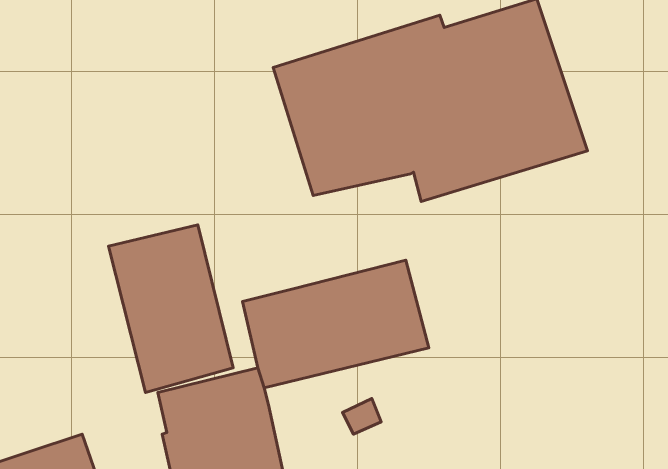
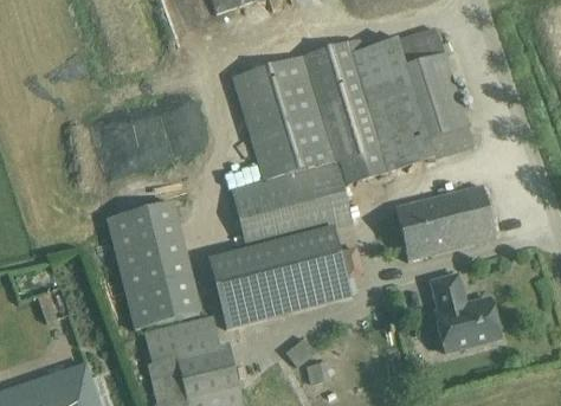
building: none -> [231,162,354,251]
building: none -> [396,185,497,258]
building: none -> [430,273,501,352]

